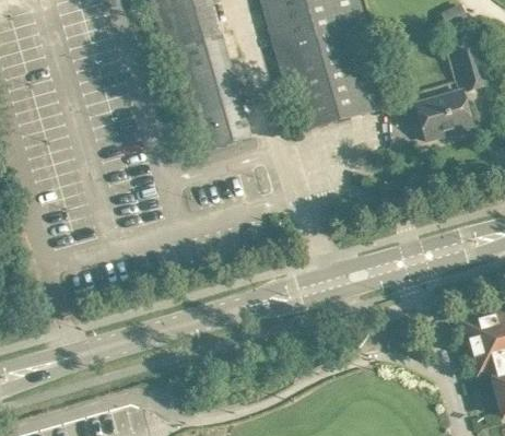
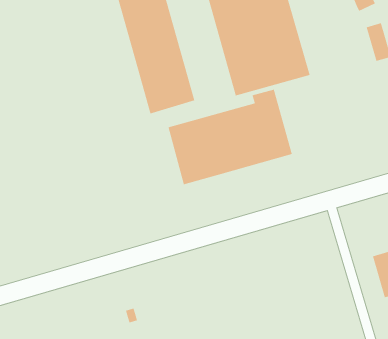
building: [415,89,472,139] -> none
building: none -> [168,89,293,185]

